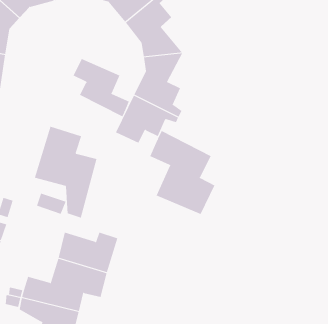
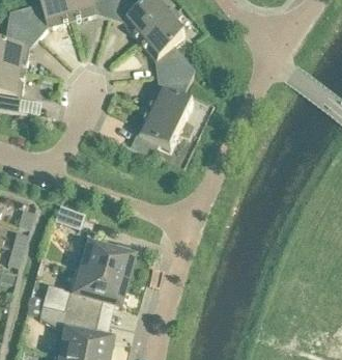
building: [73,58,130,117] -> none
building: [34,126,97,218] -> none
building: [149,130,215,215] -> none

